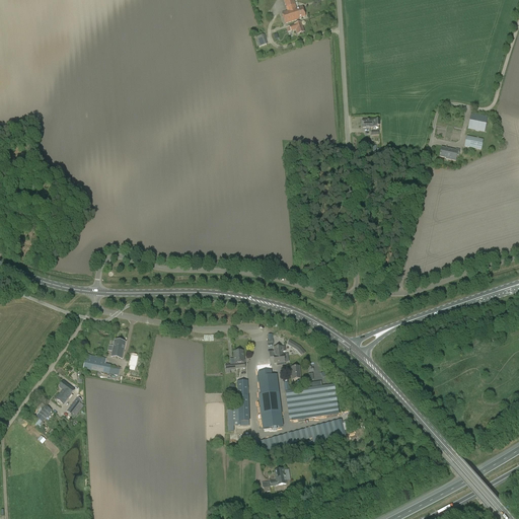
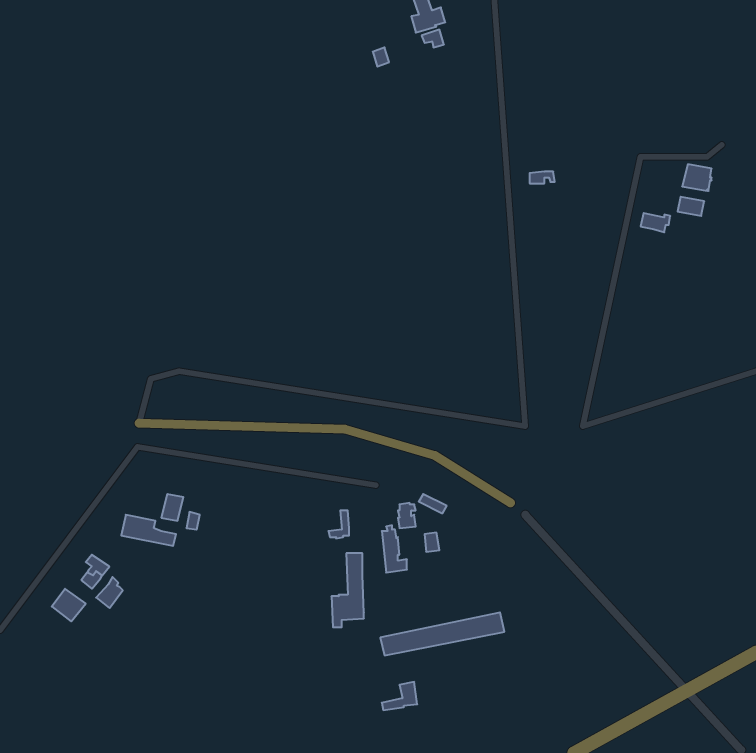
building: [286,379,340,420] -> none
building: [260,390,281,428] -> none

